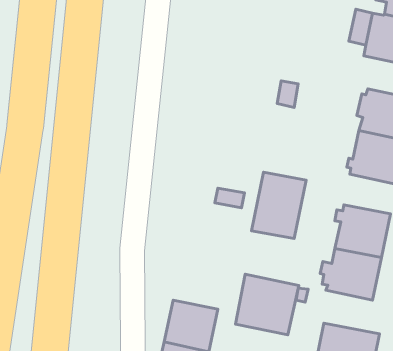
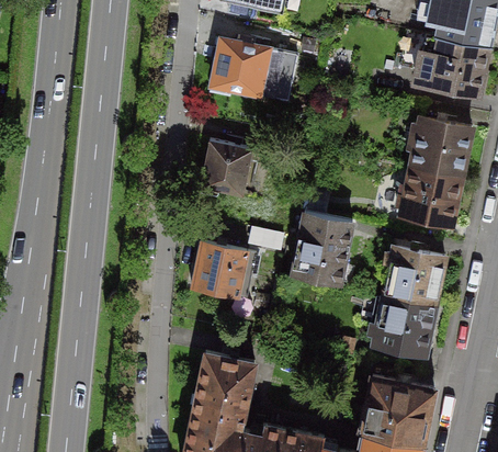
building: none -> [211,38,297,101]
building: none -> [202,140,252,195]
building: none -> [193,245,257,295]
building: [235,274,299,335] -> none

